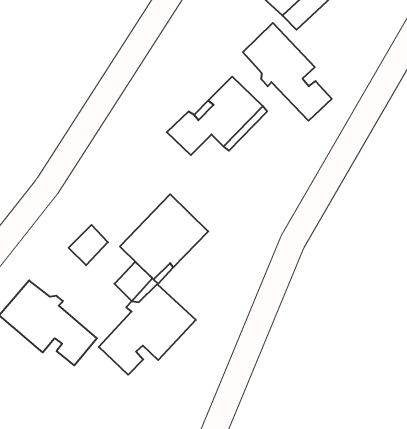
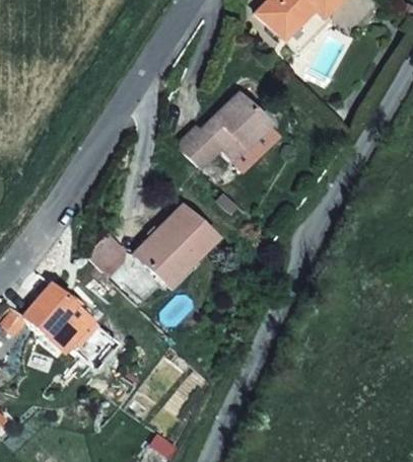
building: [243,23,332,121] -> none
building: [99,284,196,375] -> none

